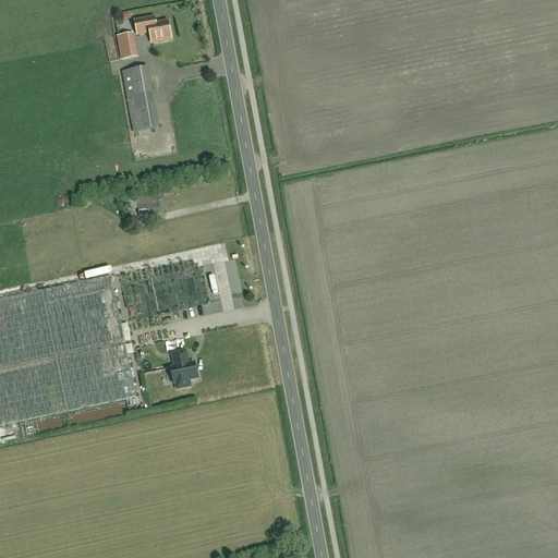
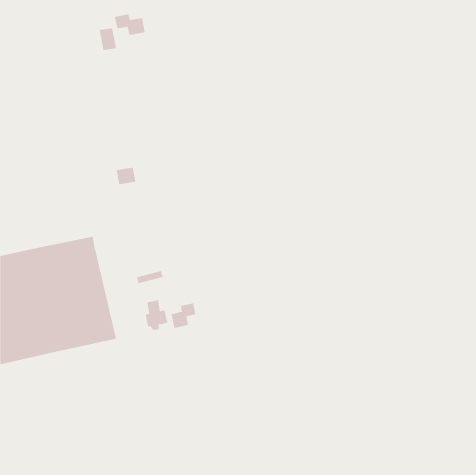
building: [122,66,158,132] -> none
building: none -> [171,303,196,329]

